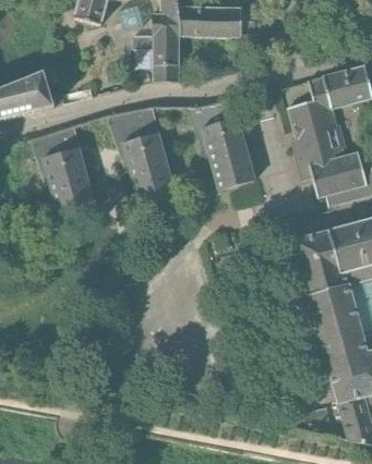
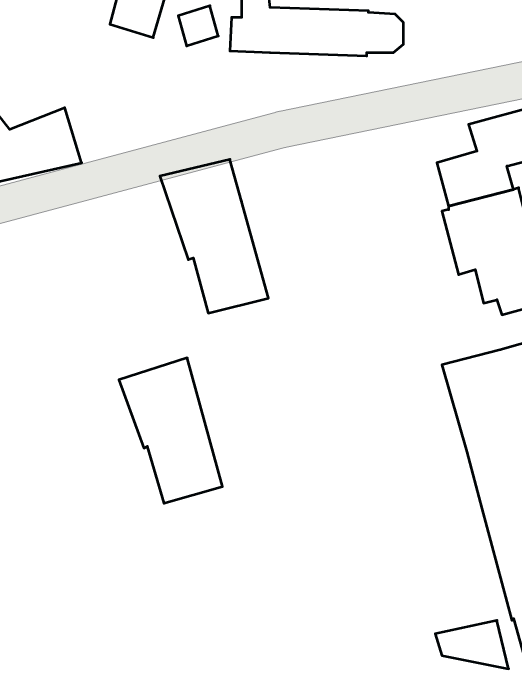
building: [134,34,180,81] -> none
building: [189,98,257,190] -> none
building: [31,125,98,220] -> [119,358,222,503]

